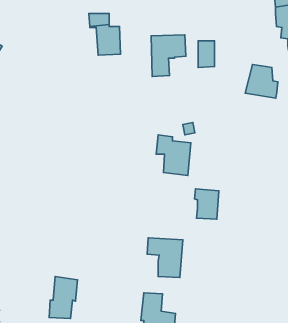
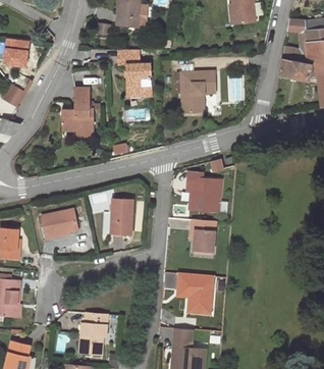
building: none -> [62,88,94,129]
building: [245,65,278,98] -> [279,46,312,80]
building: none -> [111,199,133,233]
building: none -> [42,209,77,239]
building: [194,189,219,219] -> [192,220,216,251]

